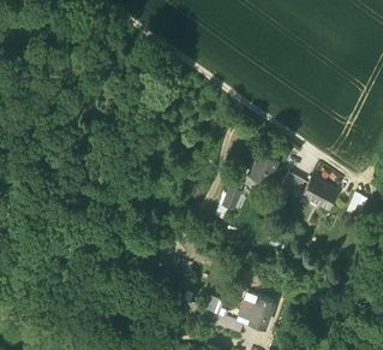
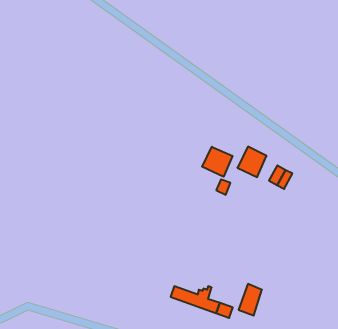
building: none -> [202,147,233,177]
building: [303,177,339,208] -> none

